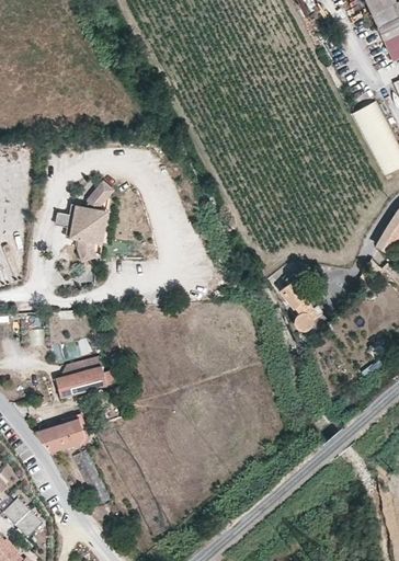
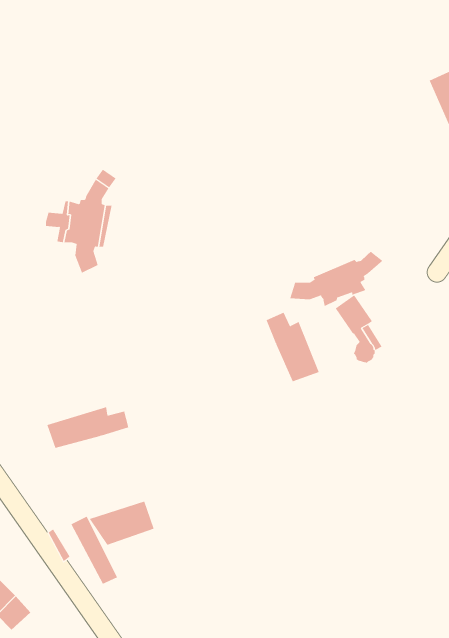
building: none -> [290,251,384,307]
building: none -> [266,312,319,382]
building: [35,417,87,453] -> [89,501,155,546]

